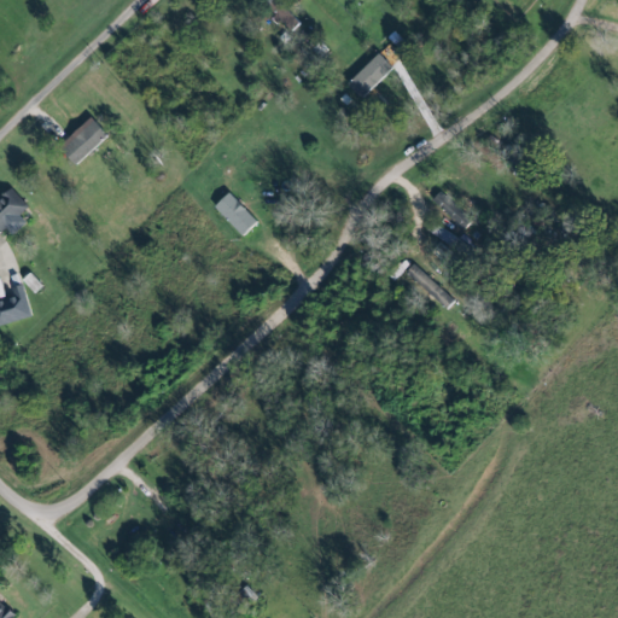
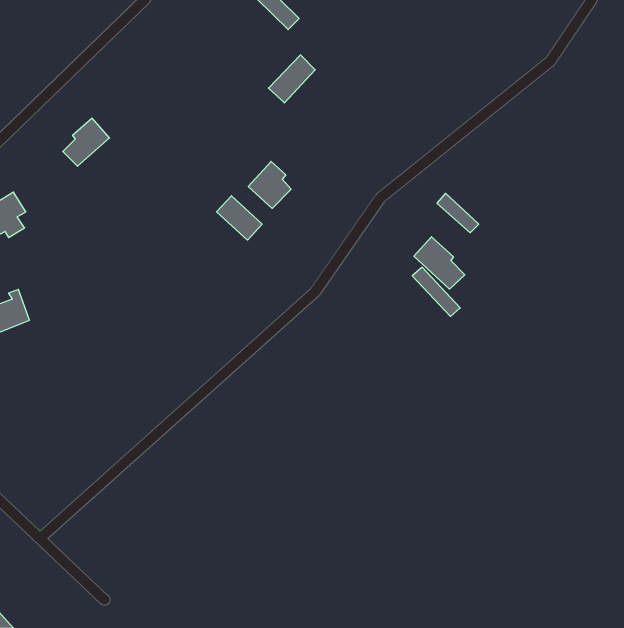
building: [346,51,392,98] -> [268,55,315,103]
building: none -> [248,161,291,208]
building: none -> [414,237,465,289]

